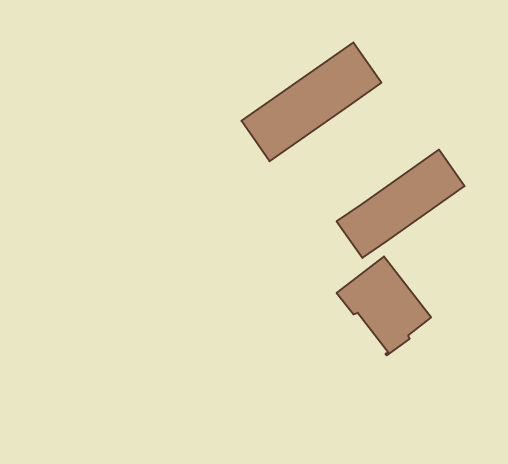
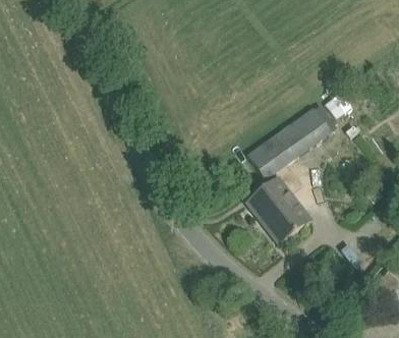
building: [241,42,381,161] -> none

